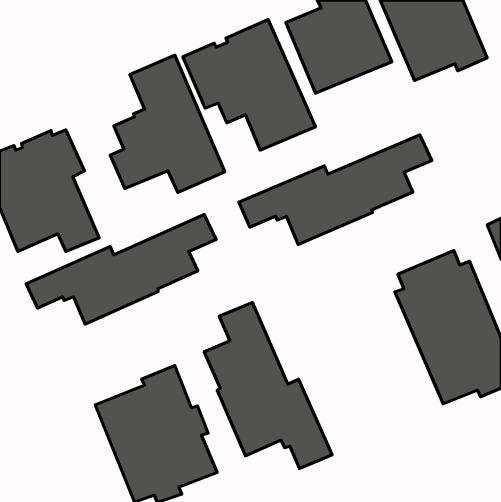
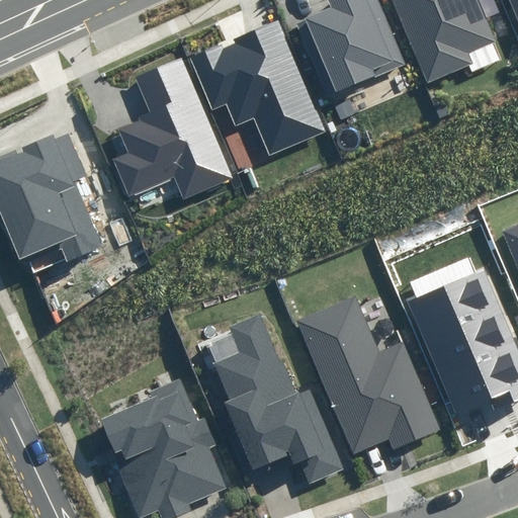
building: [239,135,432,244] -> none
building: [26,214,216,324] -> none
building: none -> [296,296,439,454]

